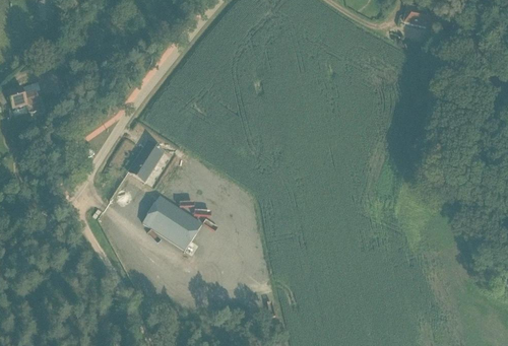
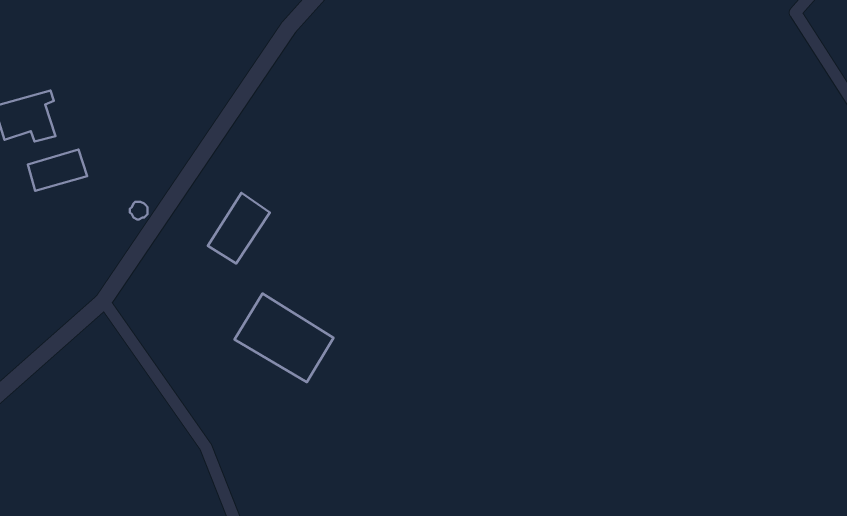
building: none -> [28,149,87,191]

